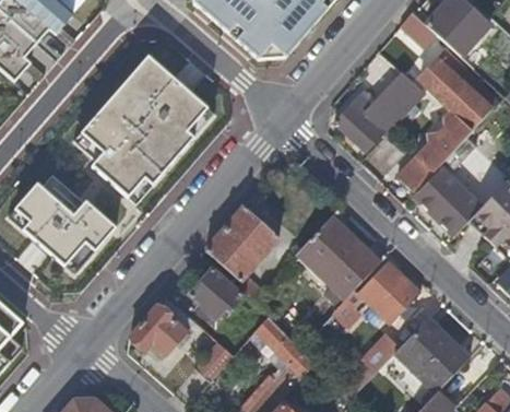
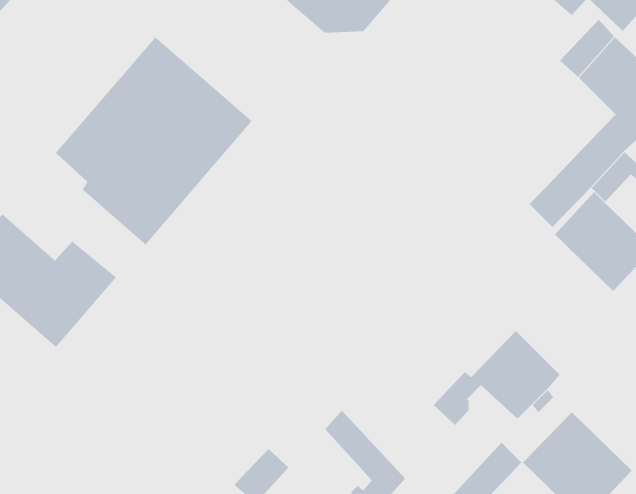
building: [335,71,426,150] -> none
building: [206,204,281,297] -> none
building: [297,215,379,298] -> none
building: [188,268,244,319] -> none
building: [131,295,197,354] -> none

